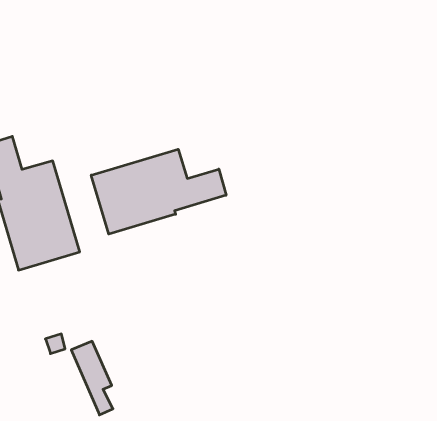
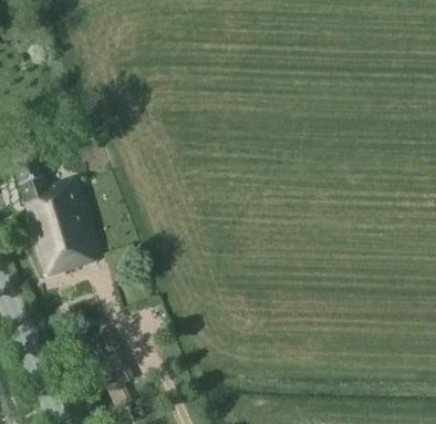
building: [91,149,226,234] -> none

